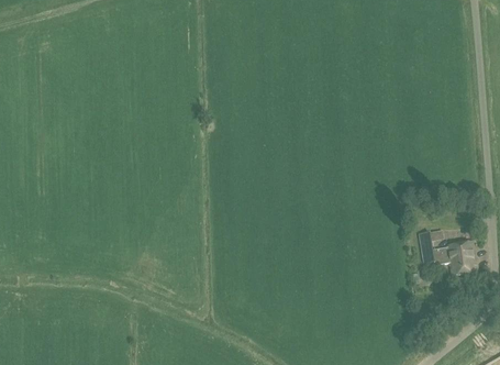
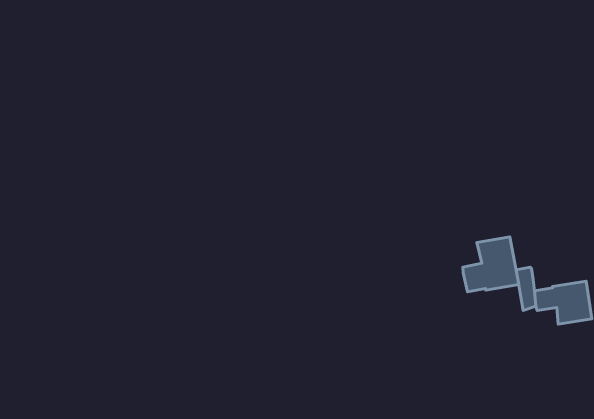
building: none -> [463,237,519,292]

